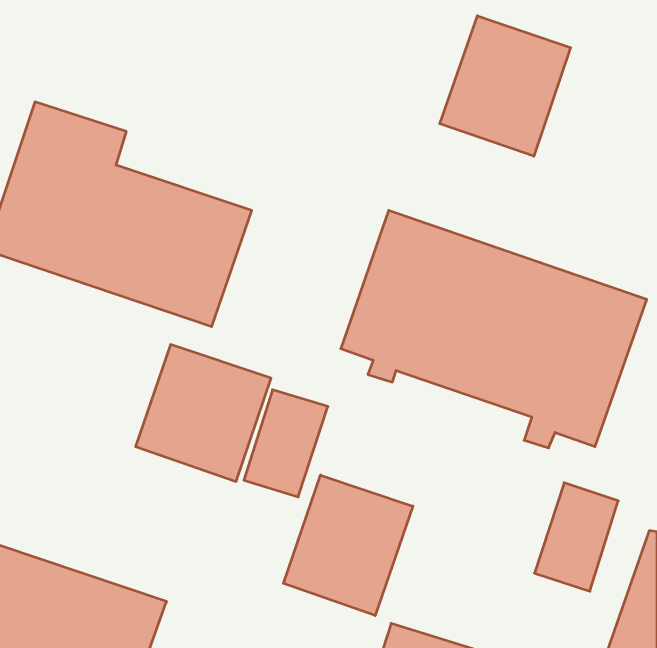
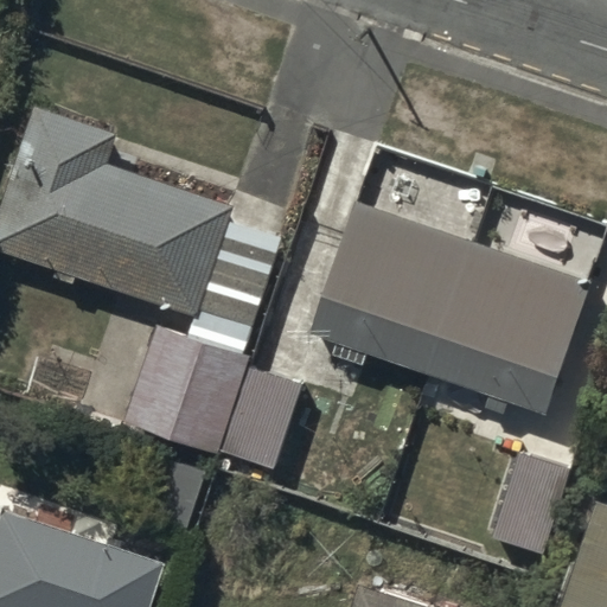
building: [440,16,571,156] -> none
building: [283,475,413,616] -> none

